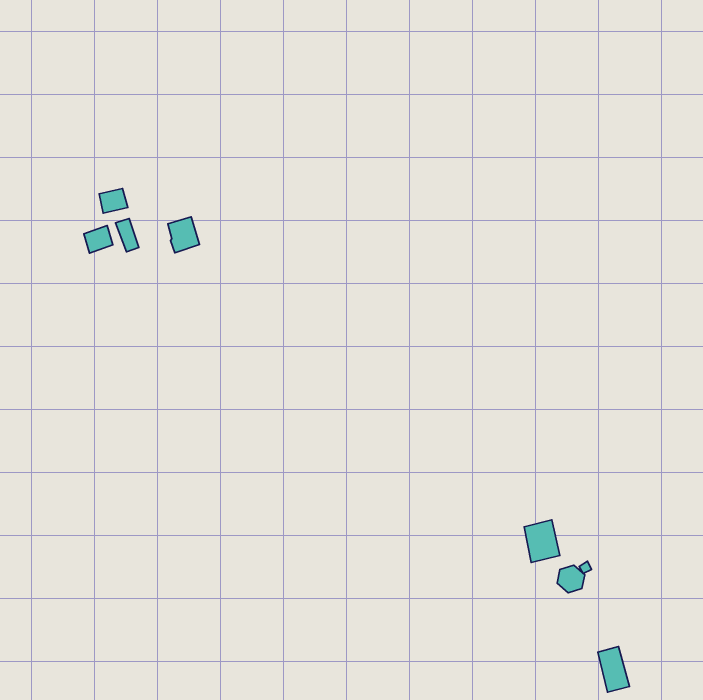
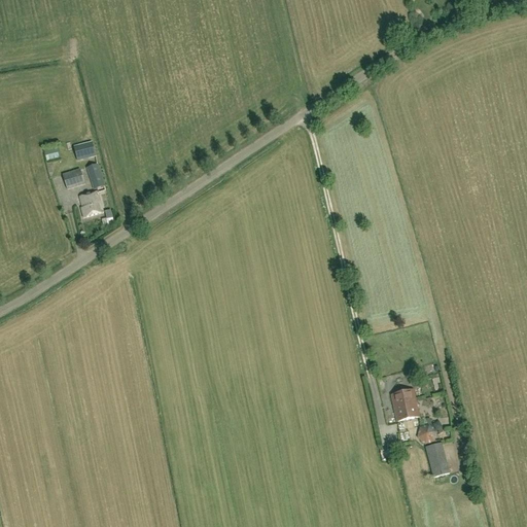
building: [168,217,199,253] -> [79,190,103,217]
building: [598,647,629,692] -> [426,443,450,477]

